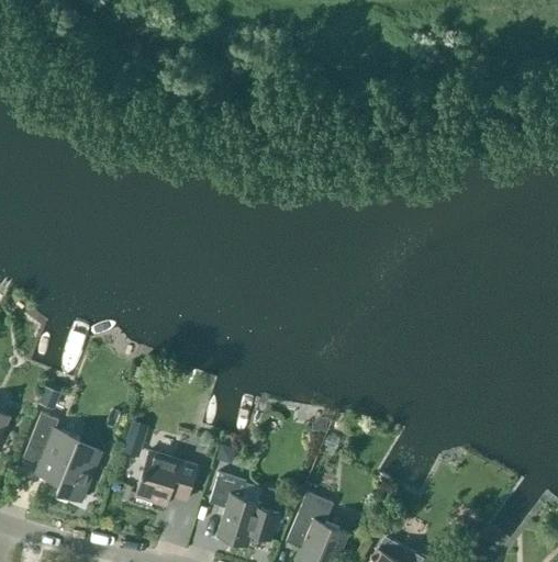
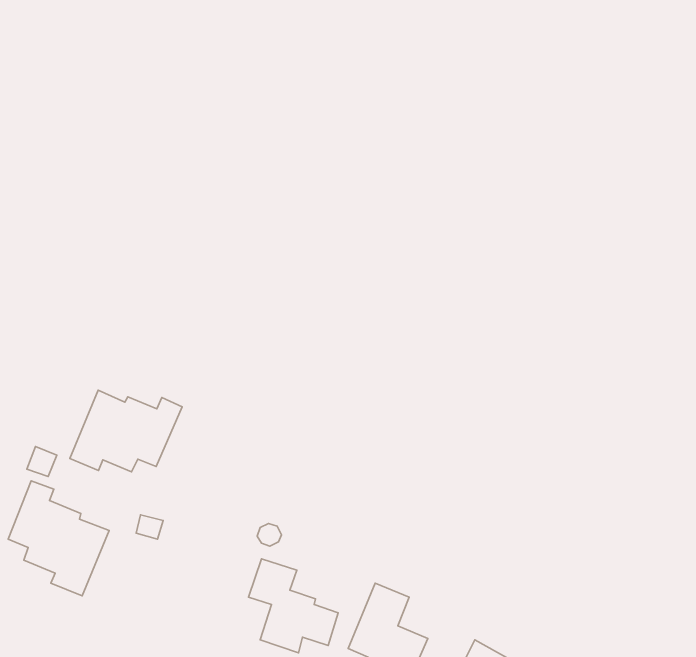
building: none -> [70,390,182,472]
building: [134,451,197,506] -> none

